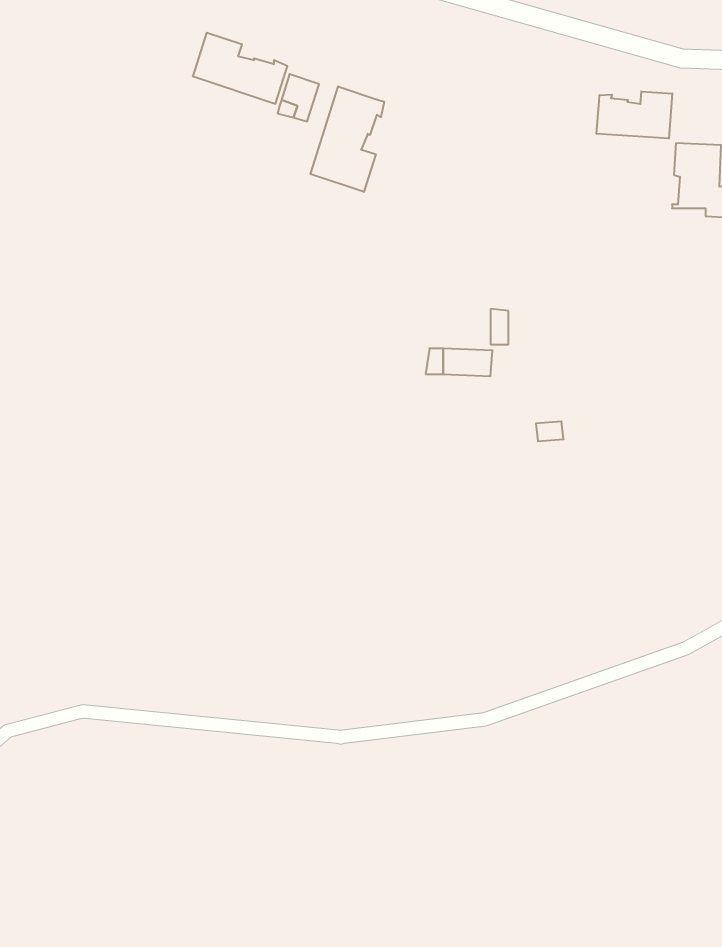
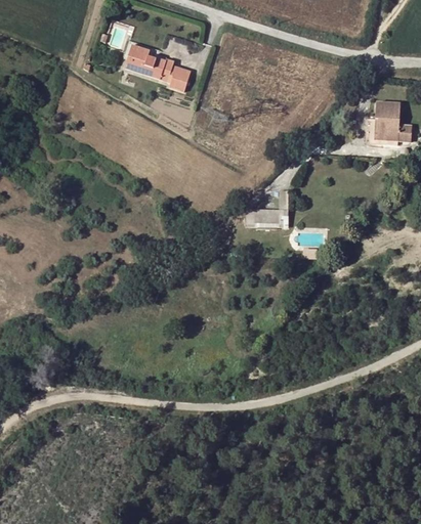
building: [311,86,384,192] -> none
building: [597,91,672,139] -> none

